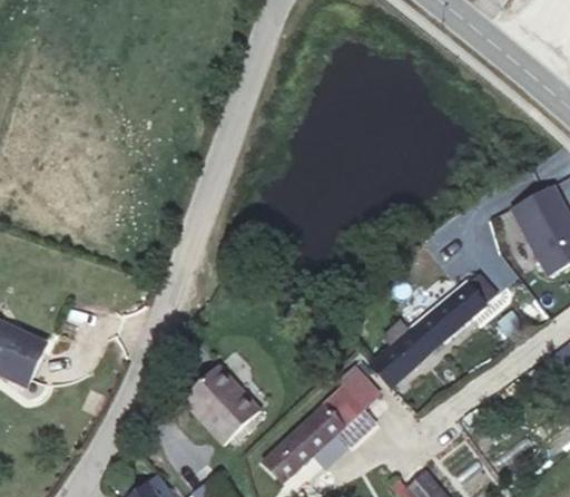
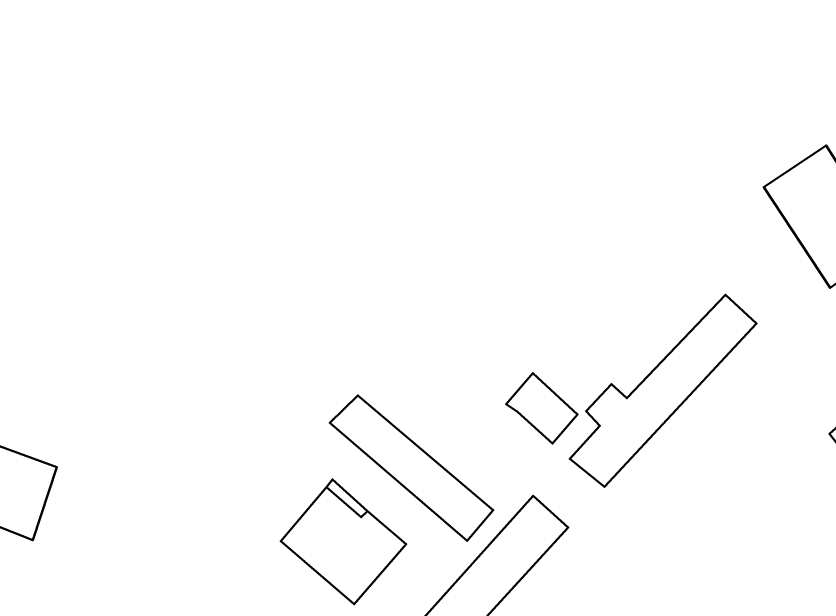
building: none -> [330,396,493,541]
building: [338,364,383,410] -> [506,373,578,443]

